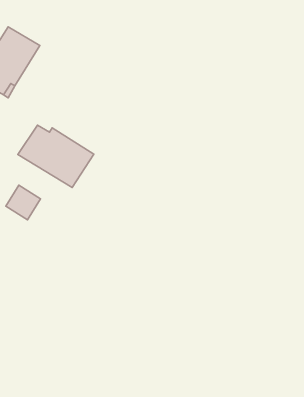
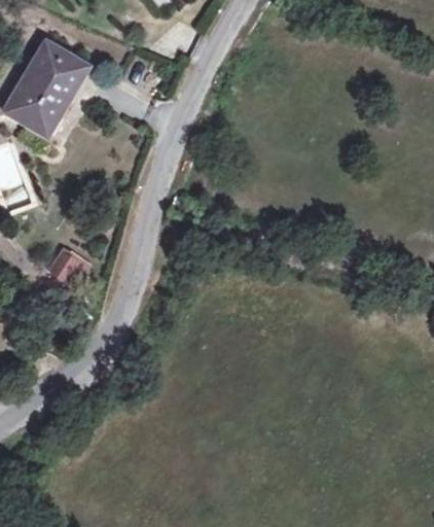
building: [18,125,94,187] -> none

